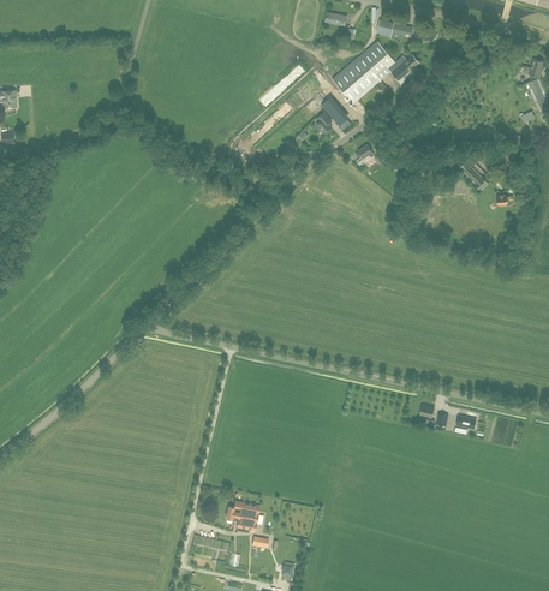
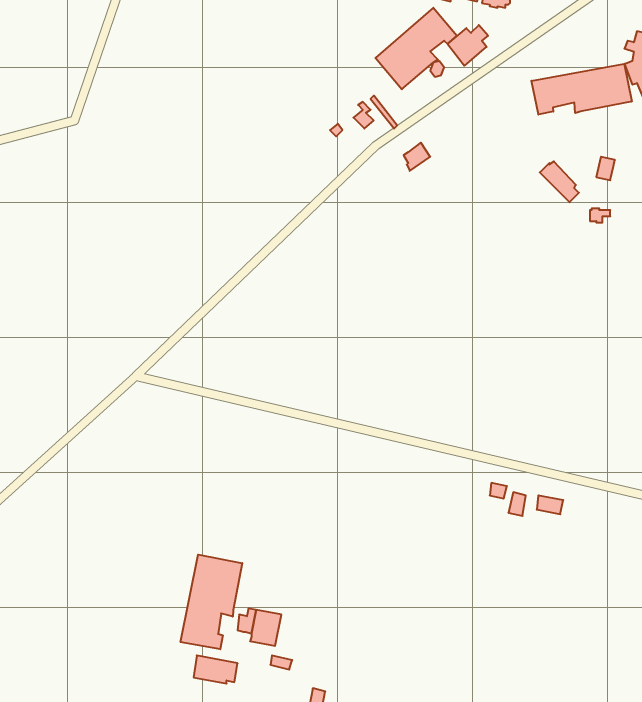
building: none -> [531,64,632,115]
building: none -> [181,555,242,649]

